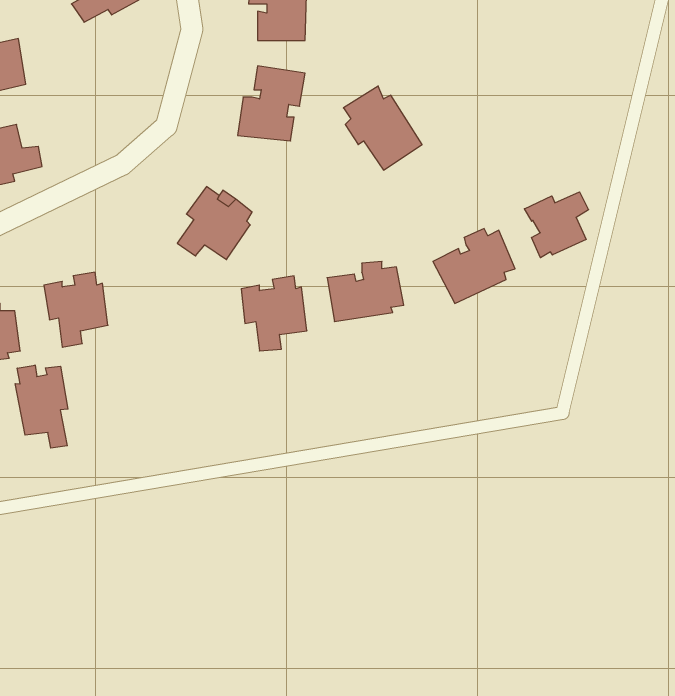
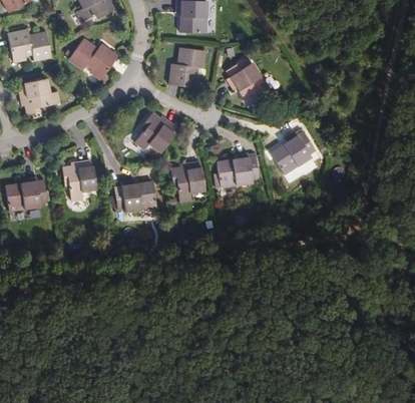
building: none -> [69,39,118,81]
building: [524,192,589,258] -> none
building: none -> [113,179,155,211]
building: [15,365,68,448] -> none

